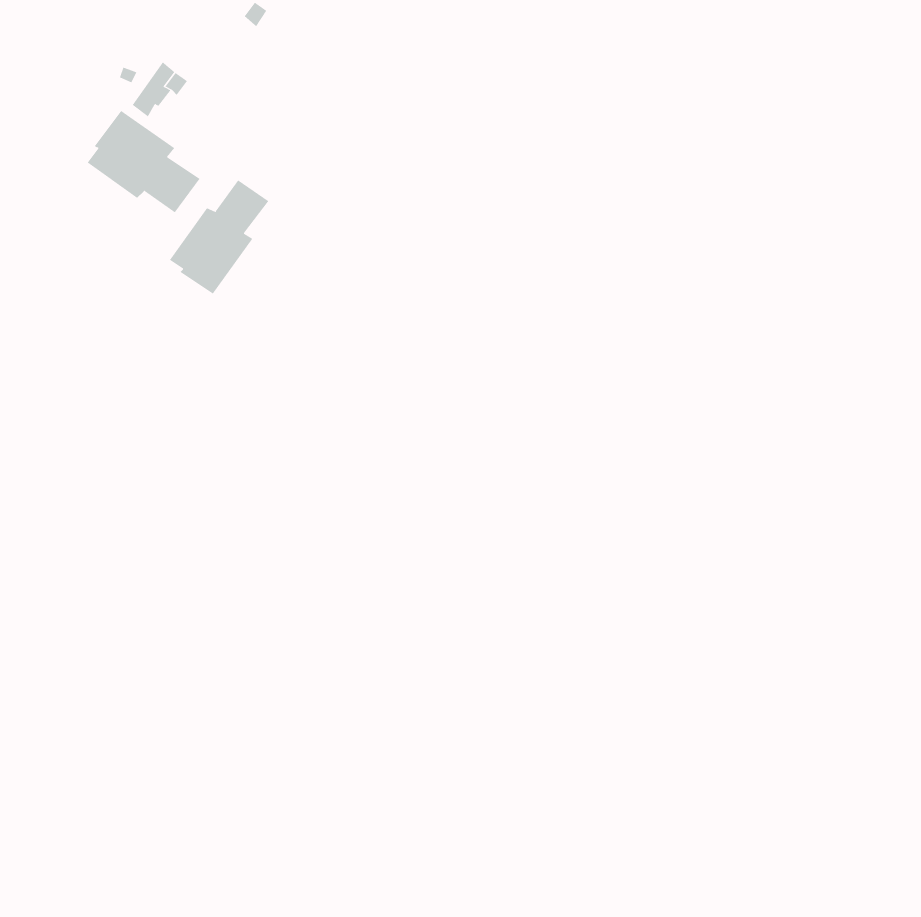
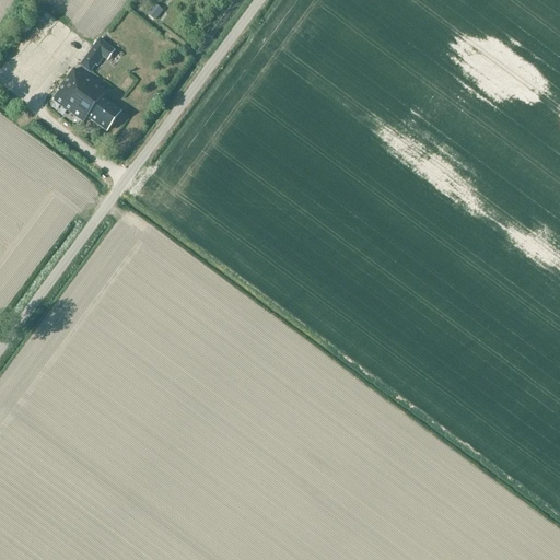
building: [169,179,269,294] -> none

